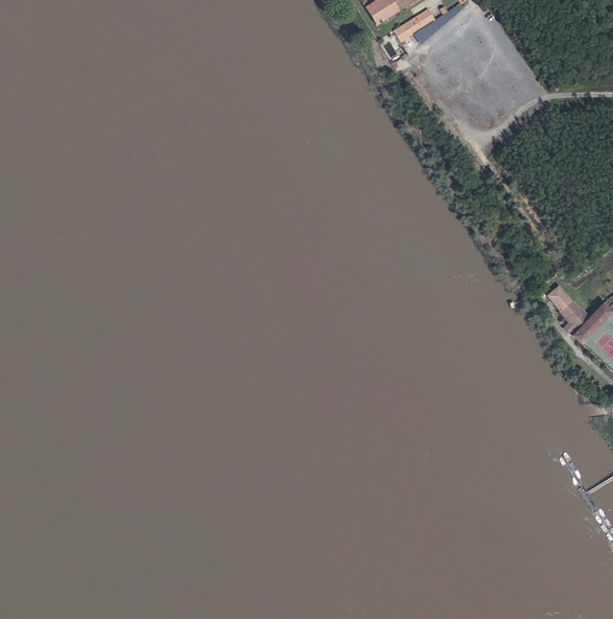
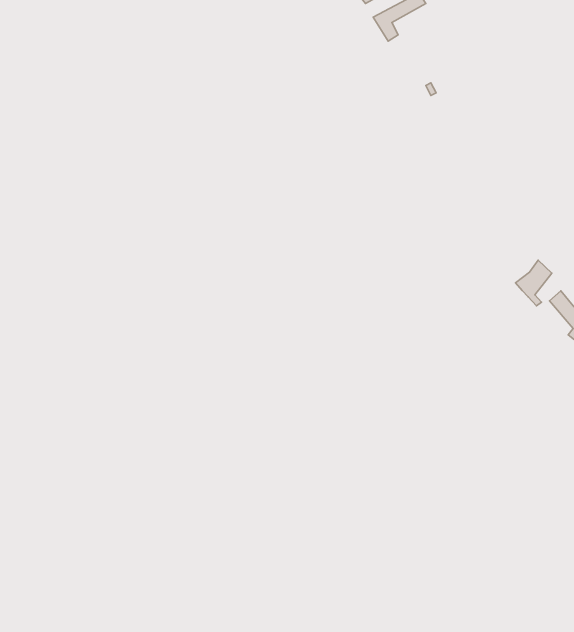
building: none -> [516,260,552,306]

